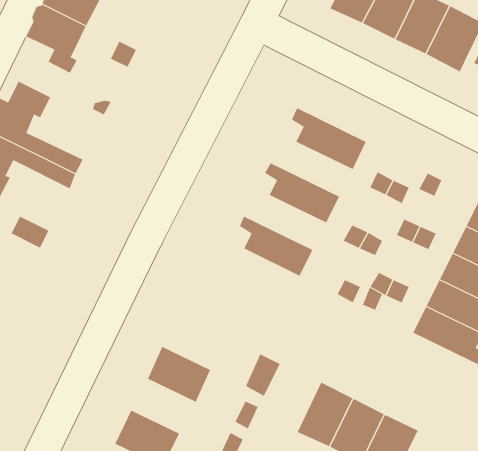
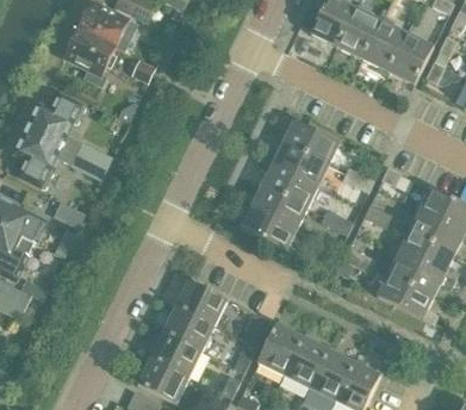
building: none -> [262,141,329,185]
building: none -> [241,184,307,228]
building: none -> [175,279,228,324]
building: none -> [257,322,303,374]
building: none -> [150,331,203,375]

